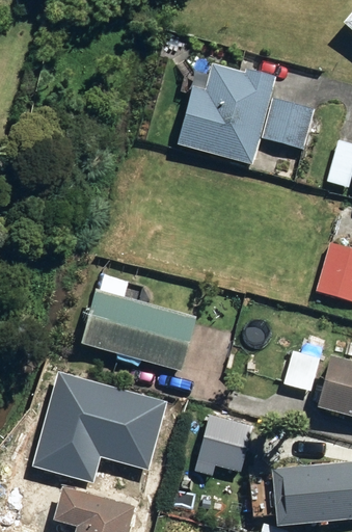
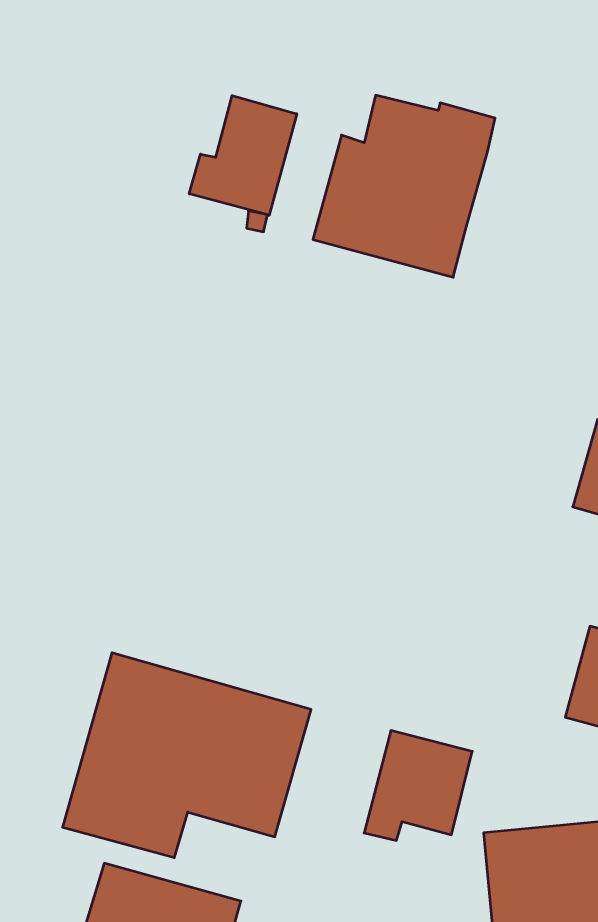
building: none -> [189,96,297,215]
building: [258,97,316,150] -> none
building: [78,291,195,372] -> none

